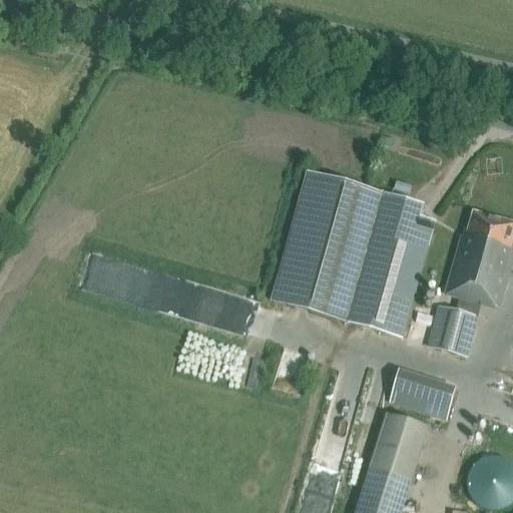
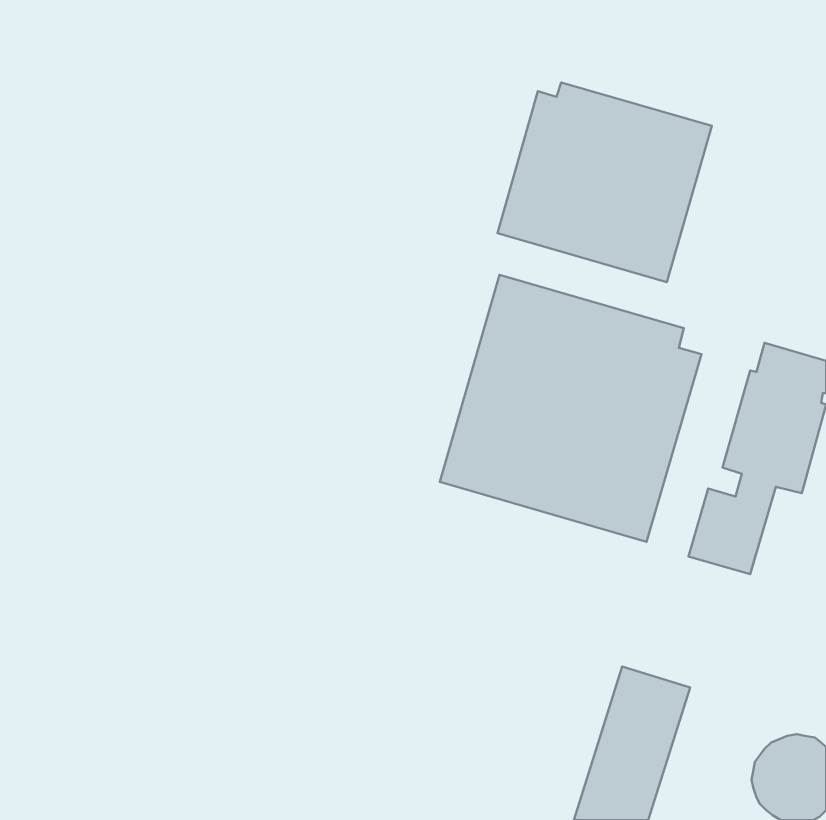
building: none -> [497,82,712,282]
building: [388,371,453,417] -> none

